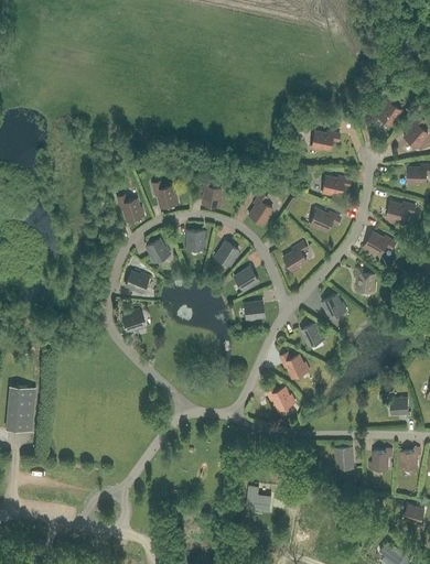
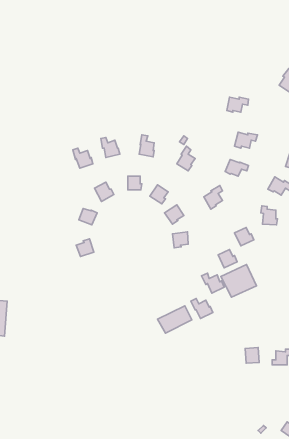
building: none -> [221,265,256,297]
building: none -> [158,306,192,333]
building: [246,485,271,511] -> none

